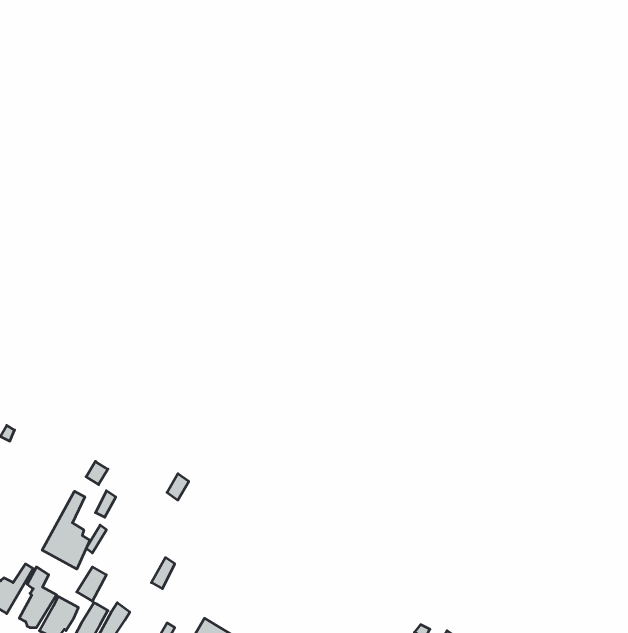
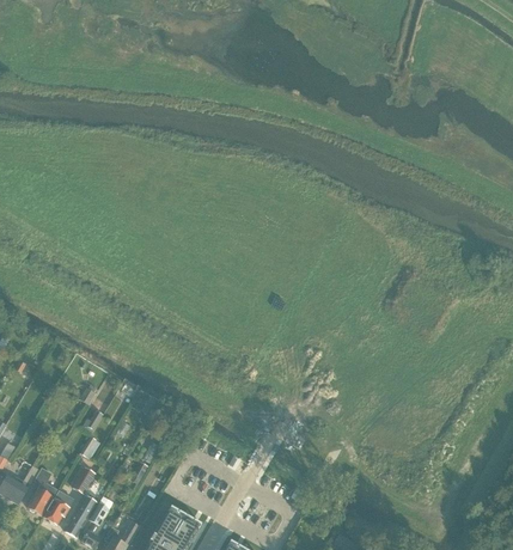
building: [42,491,90,569] -> none

